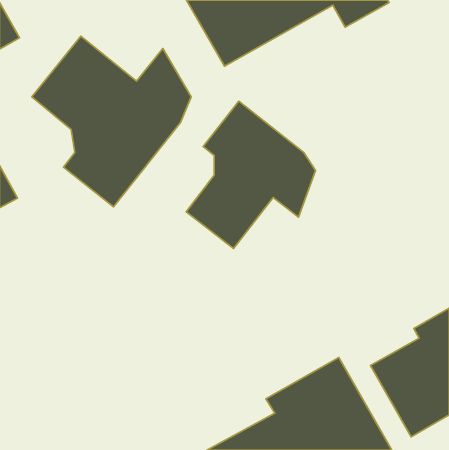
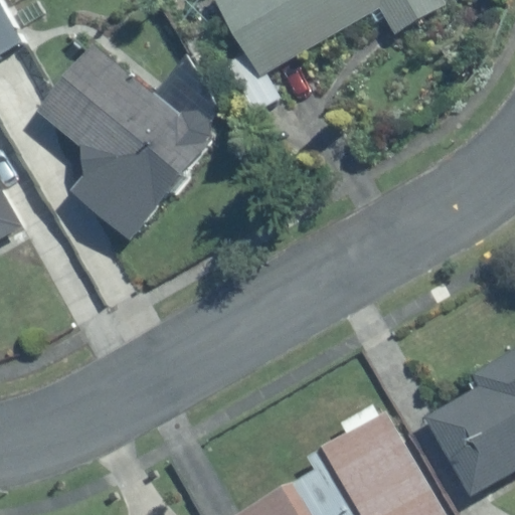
building: [186,101,315,248] -> none

